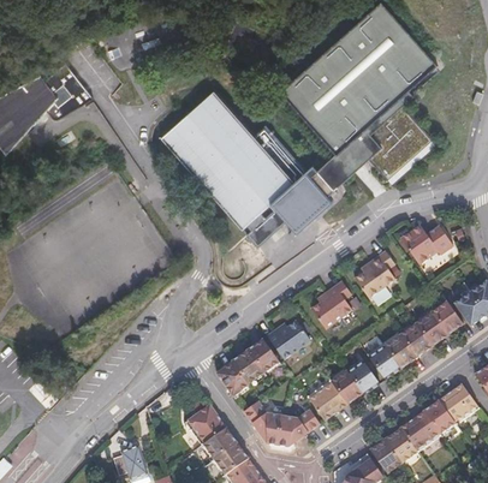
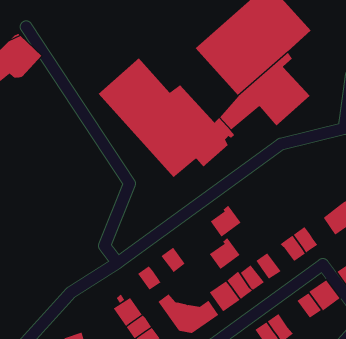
building: [398,225,451,260] -> none
building: [353,254,393,297] -> none
building: [432,302,464,336] -> none
building: [267,316,308,358] -> [209,237,241,270]
building: [383,335,417,370] -> none
building: [230,351,262,383] -> none
building: [398,409,439,449] -> none

